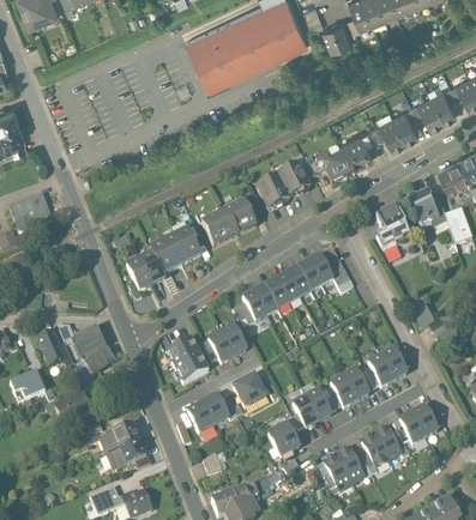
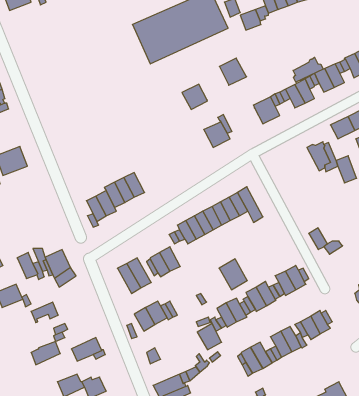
building: none -> [293,57,323,82]
building: [320,147,355,182] -> [219,58,247,85]
building: [257,177,289,210] -> [182,84,207,109]
building: [203,202,257,247] -> none
building: [376,207,409,252] -> none
building: [235,374,271,413] -> [219,259,247,290]
building: [102,425,139,455] -> [31,341,60,365]

